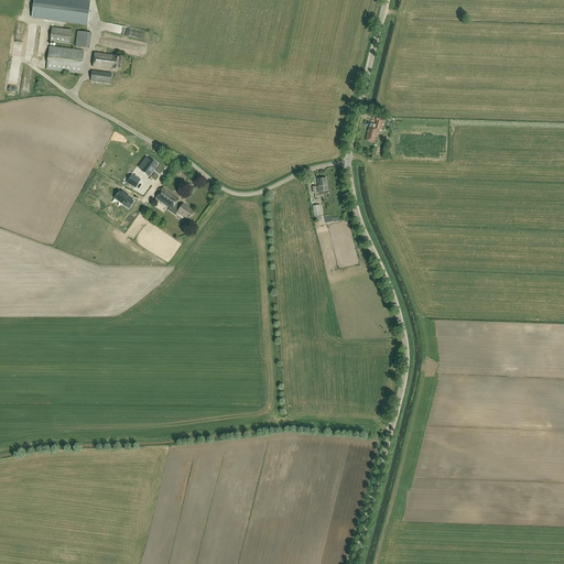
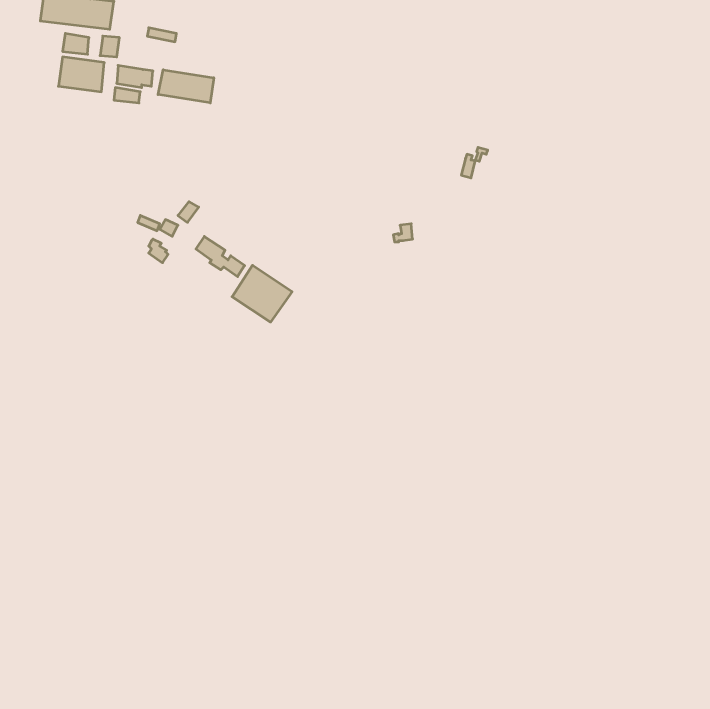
building: none -> [158,70,214,103]
building: none -> [232,265,292,322]

